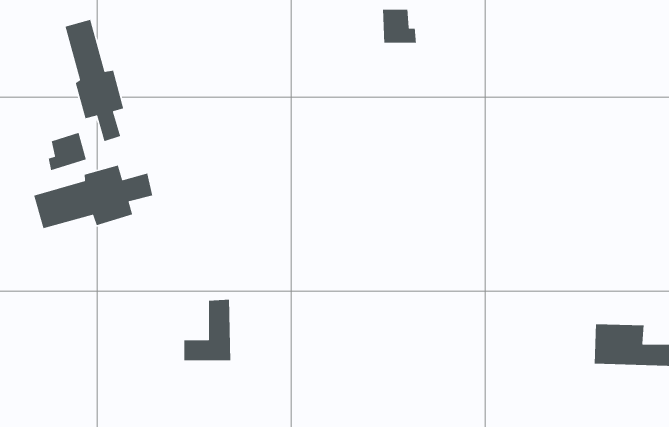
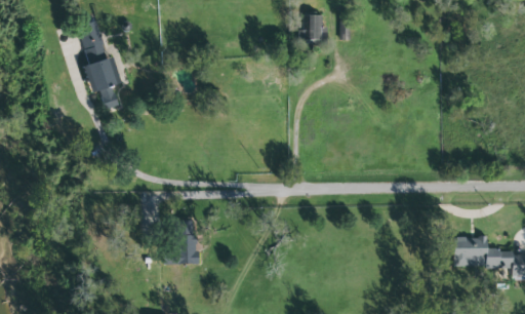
building: [48,132,87,171] -> none
building: [33,165,153,229] -> none

